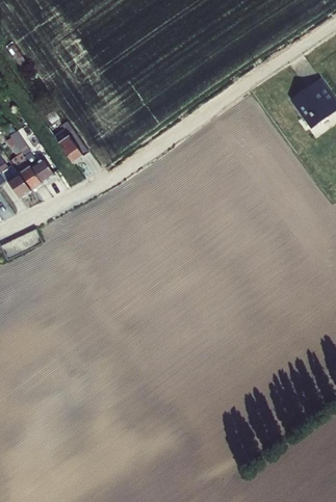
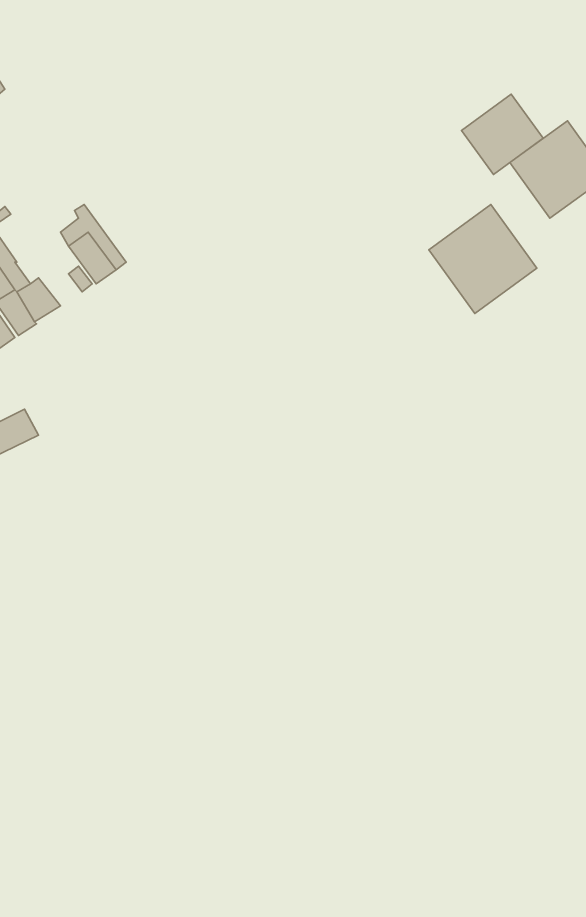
building: none -> [462,94,543,175]
building: none -> [429,204,537,313]

